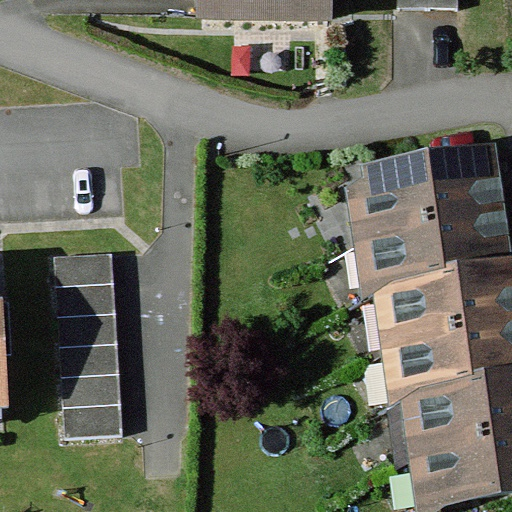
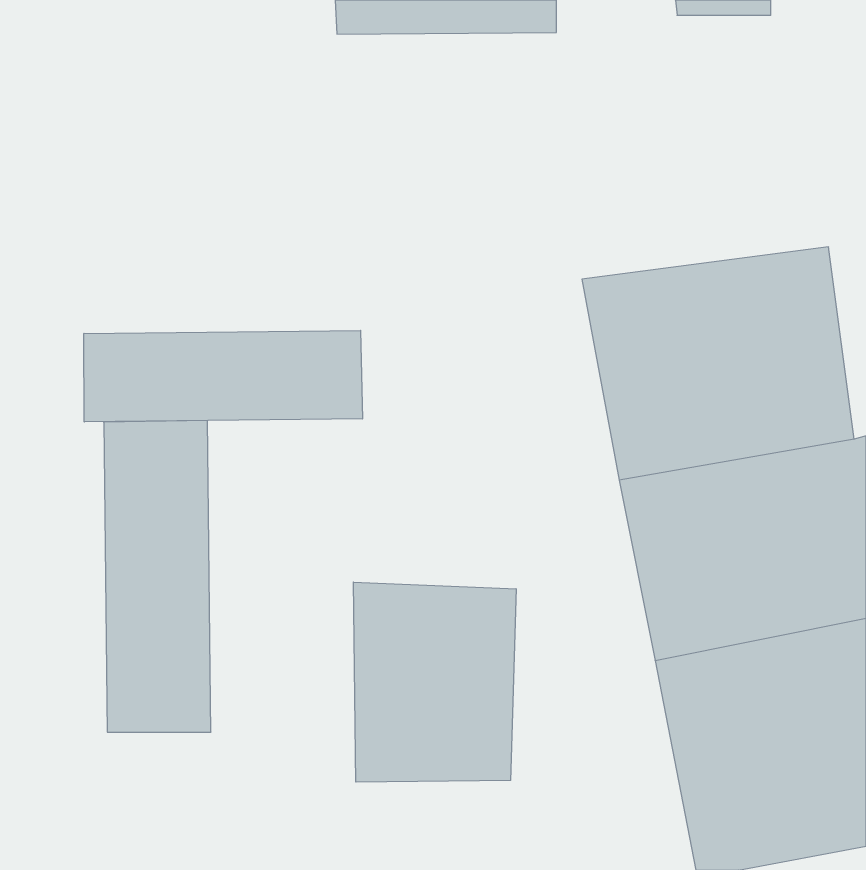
building: none -> [84,330,362,422]
building: none -> [353,582,516,782]

